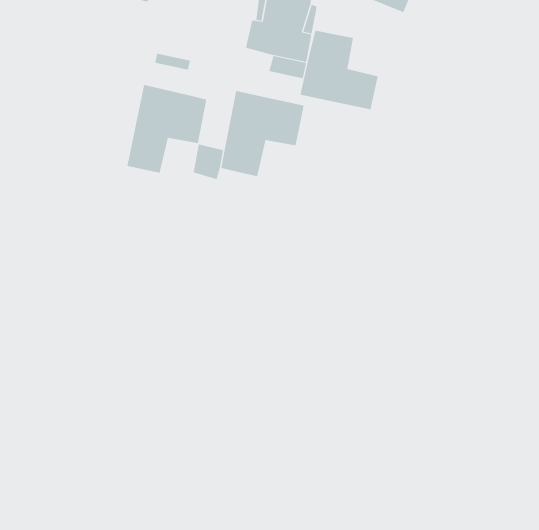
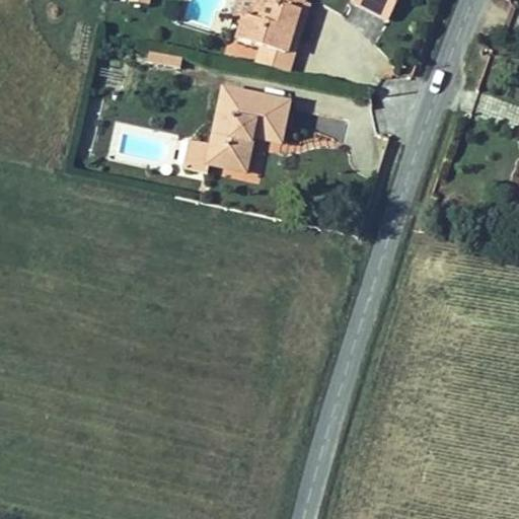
building: [300,30,378,110] -> none
building: [127,84,207,173] -> none

